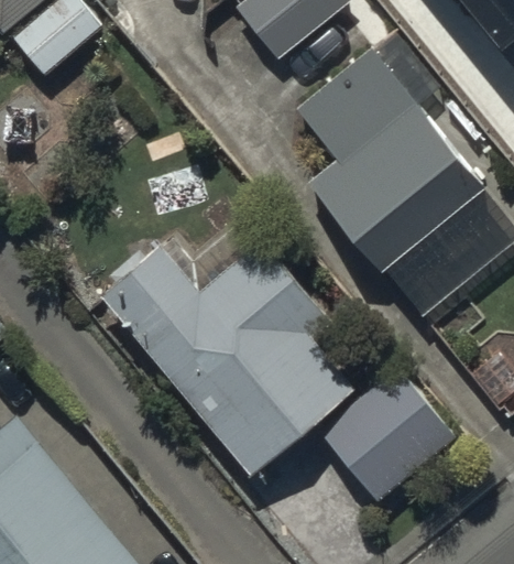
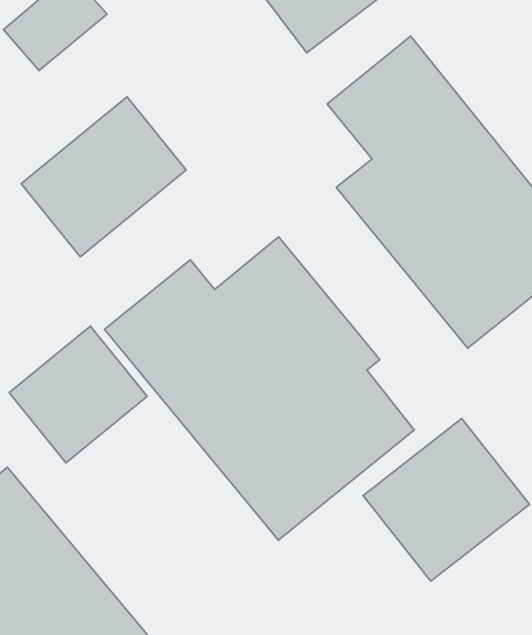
building: none -> [21,97,186,257]
building: none -> [9,326,147,463]

